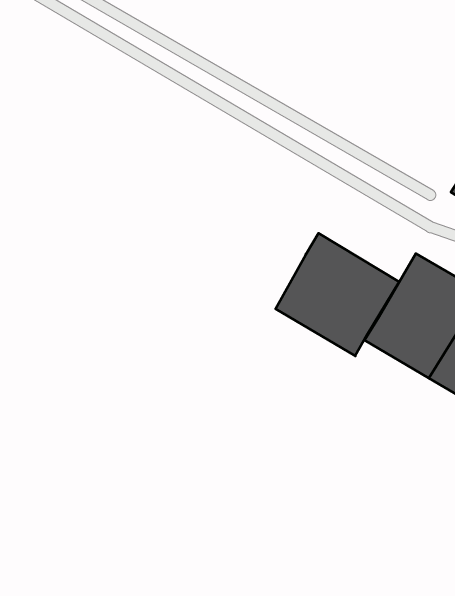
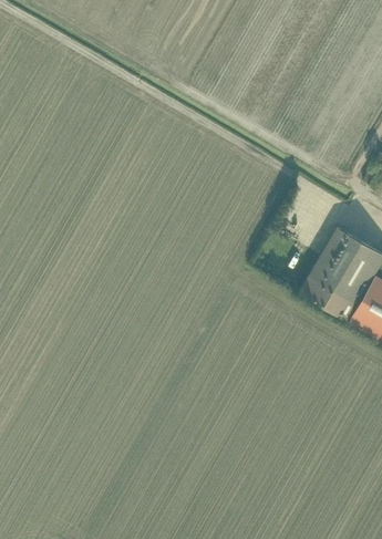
building: [276,233,399,356] -> none

